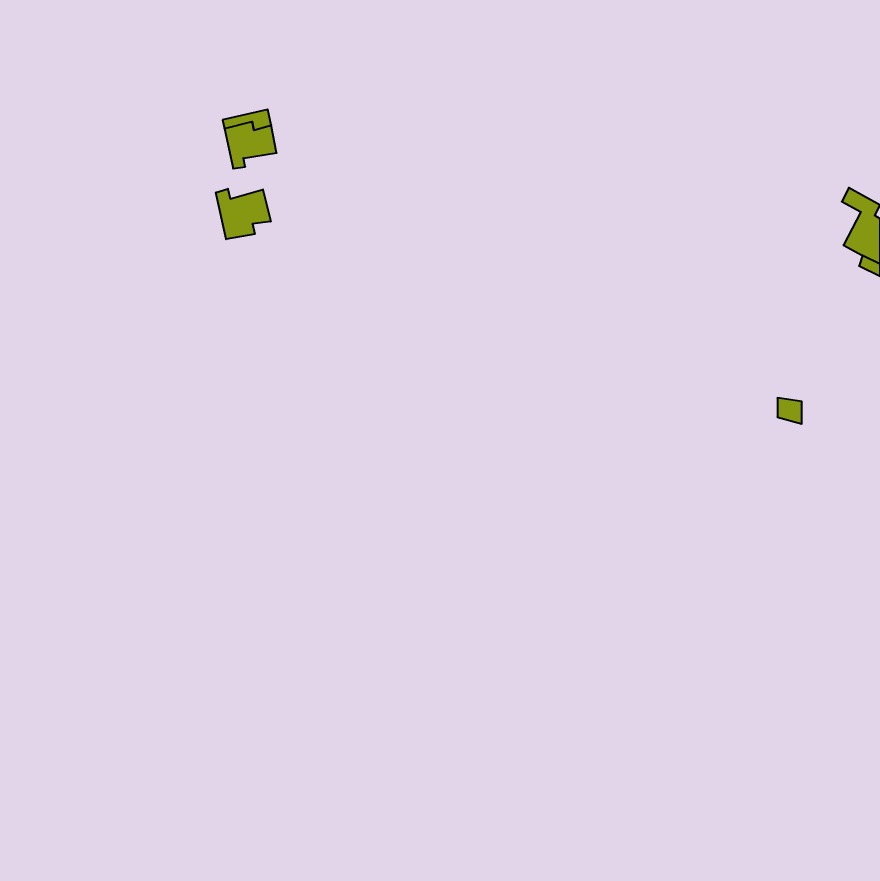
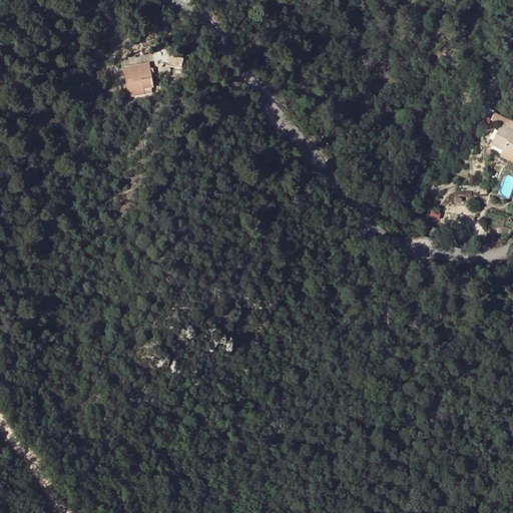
building: [216,189,271,239] -> none

